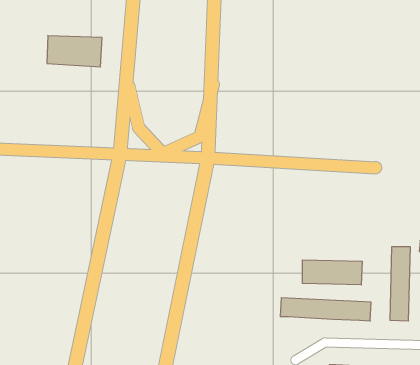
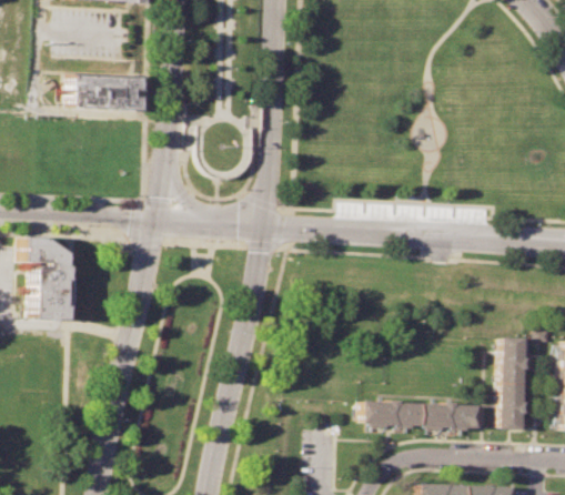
building: none -> [26,236,71,321]
building: [302,260,362,285] -> none

